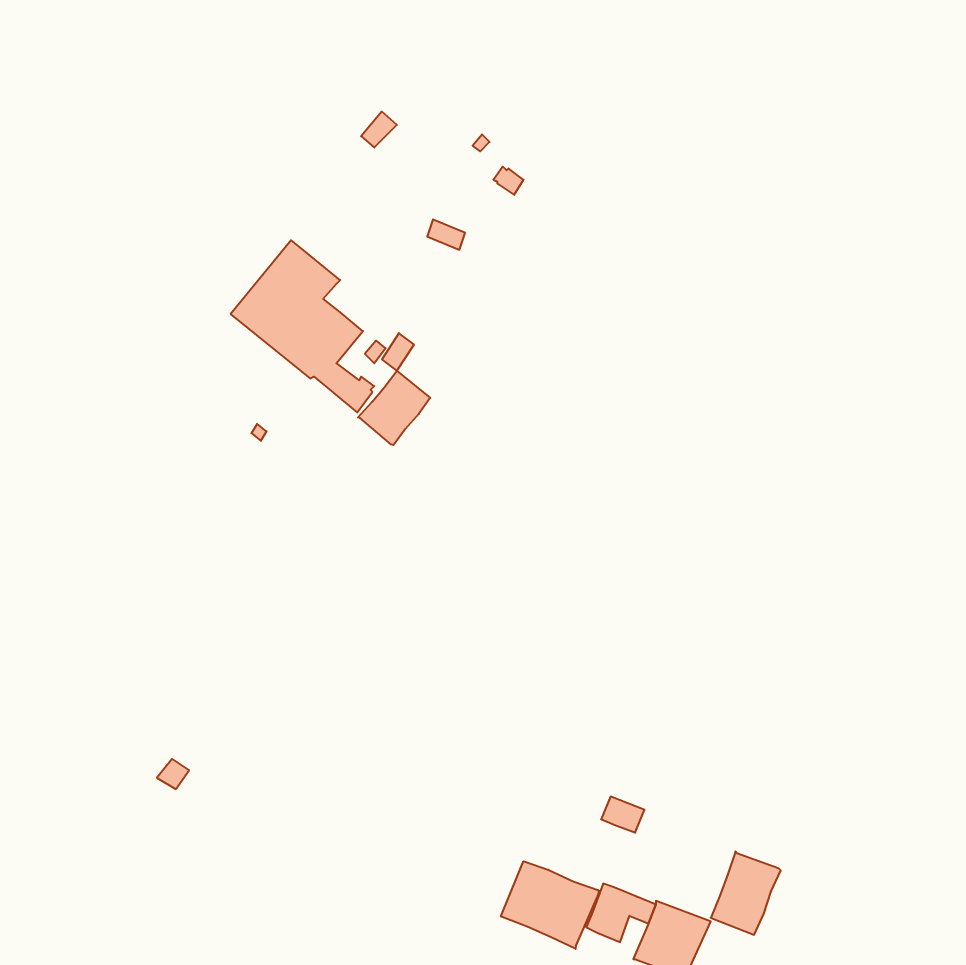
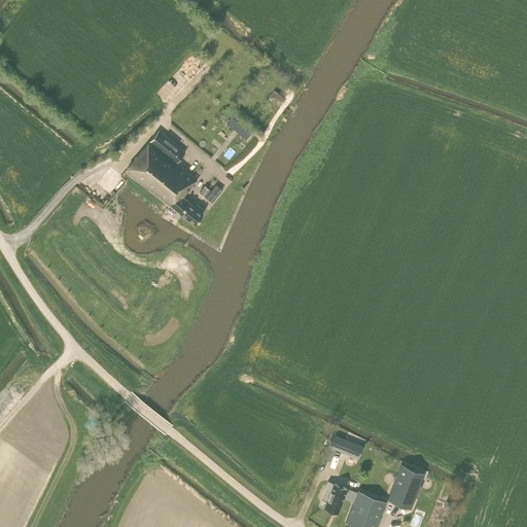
building: [358,371,430,445] -> none
building: [501,861,598,949] -> none

